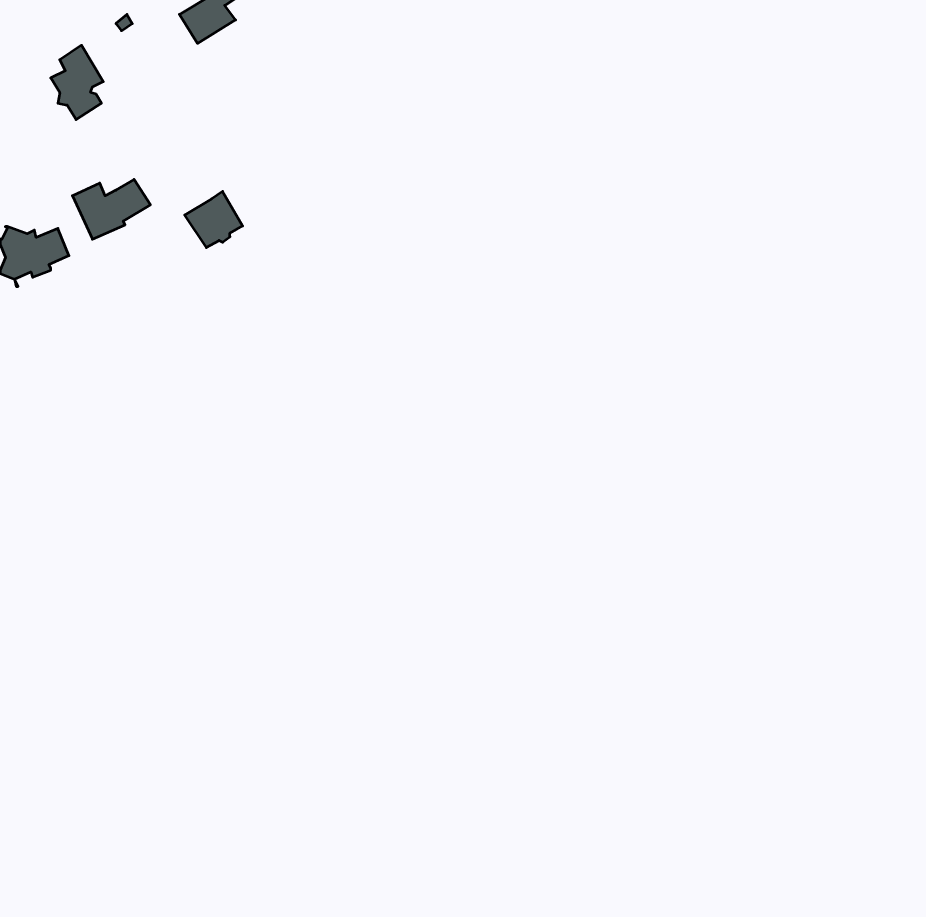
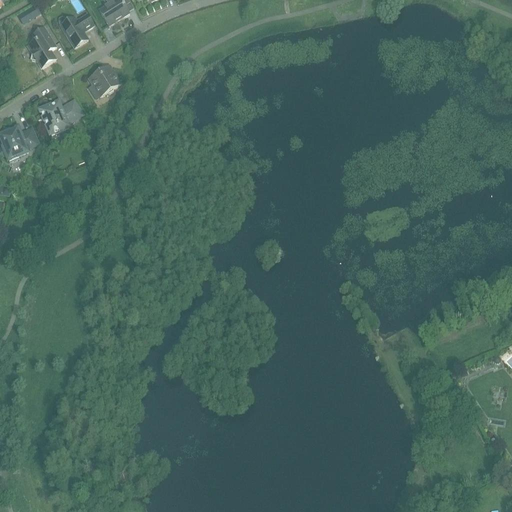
building: none -> [61,12,94,45]
building: [185,191,243,248] -> [89,63,121,94]

